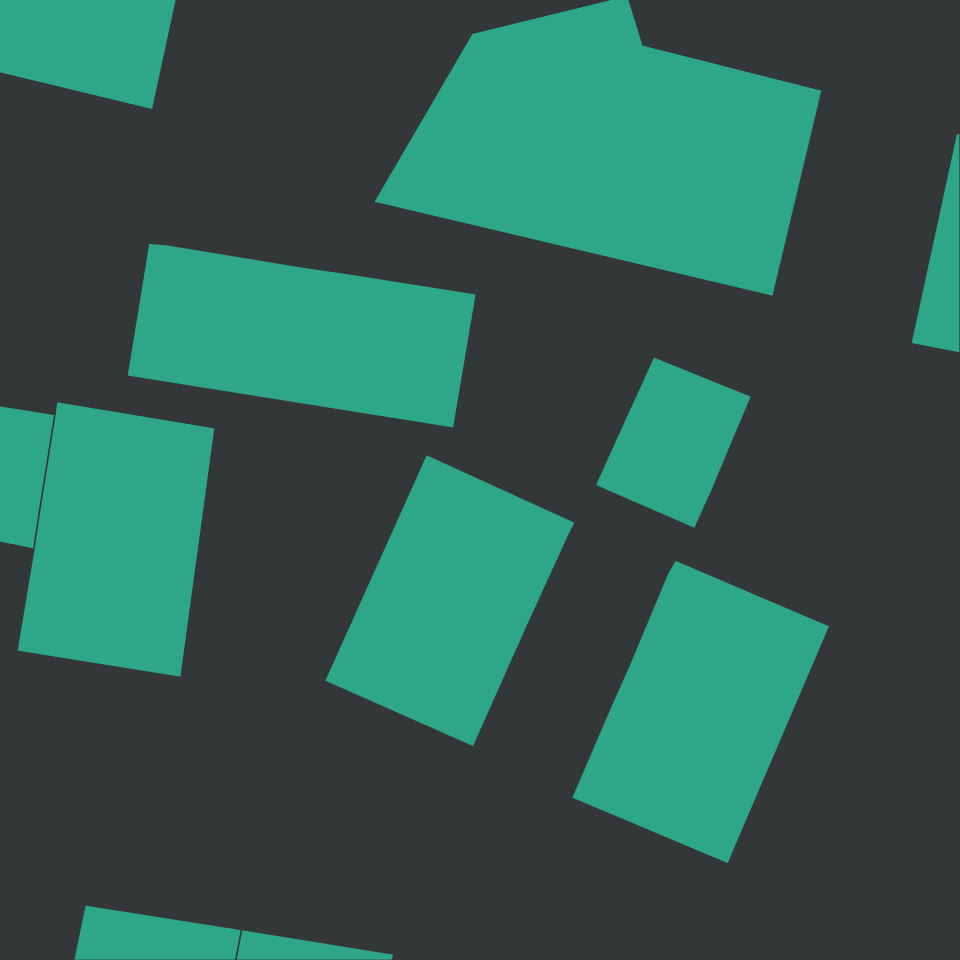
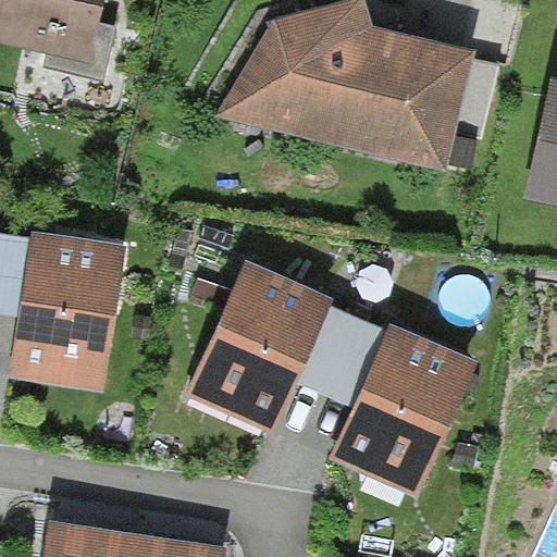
building: [127,243,476,428] -> none
building: [595,357,752,529] -> [295,308,385,407]

